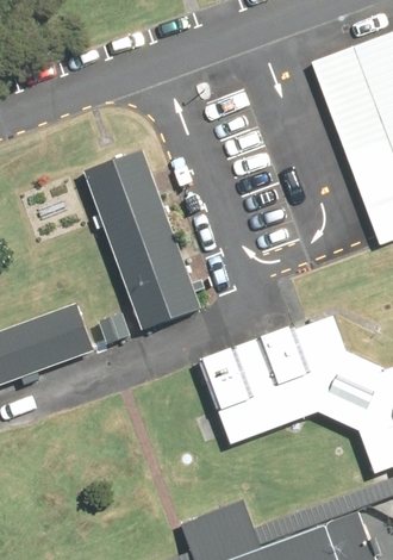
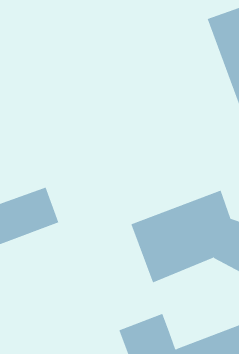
building: [80,153,200,335] -> none

